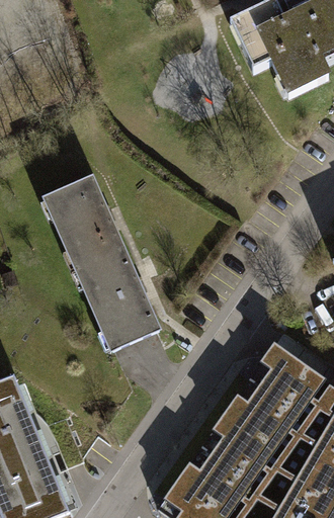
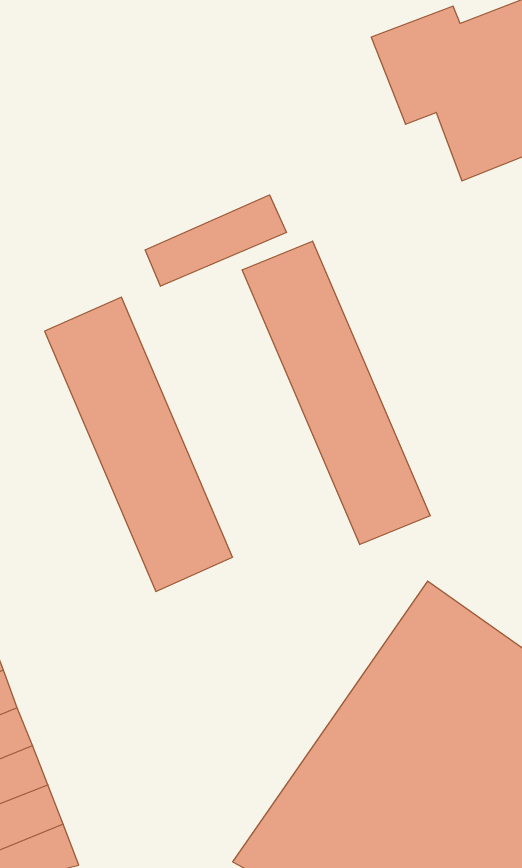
building: none -> [145,195,286,286]
building: none -> [242,241,430,545]

